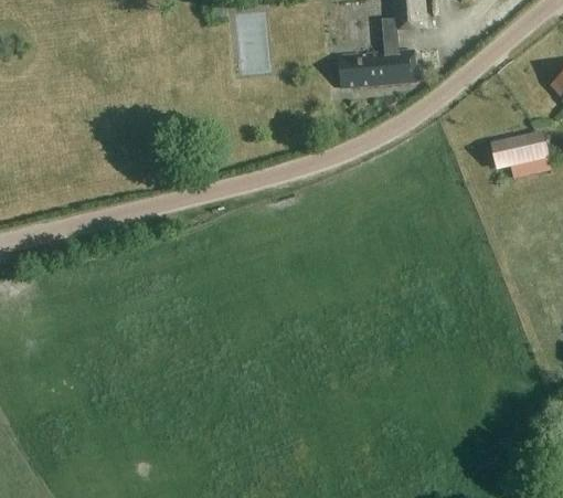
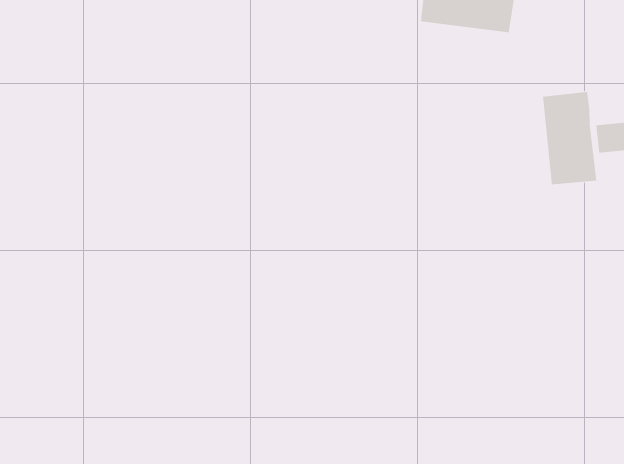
building: none -> [542,91,597,185]

